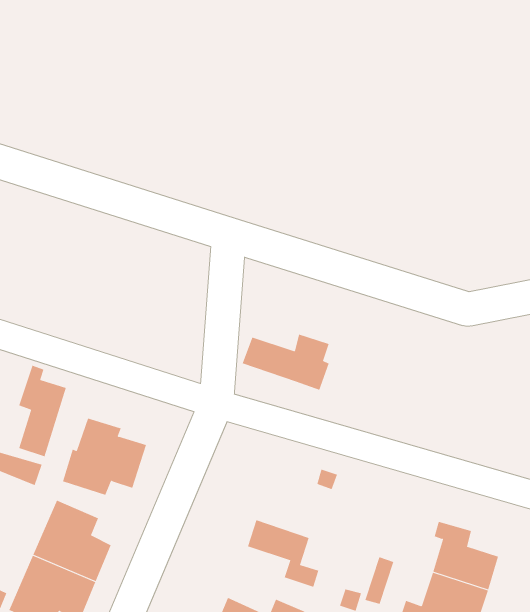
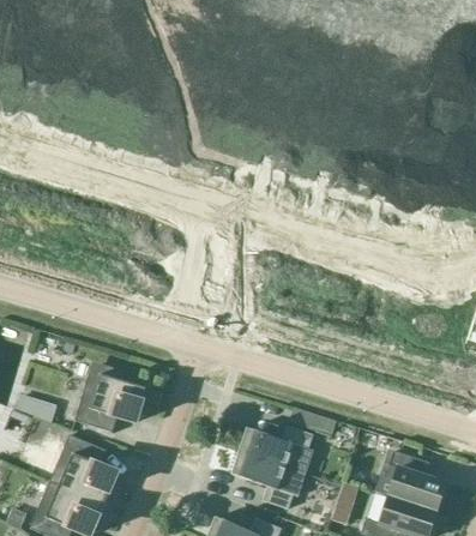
building: [242,334,330,390] -> [240,427,314,475]
building: [18,365,67,457] -> none

